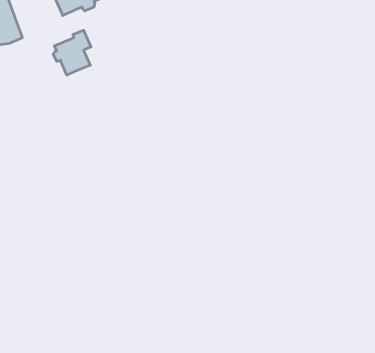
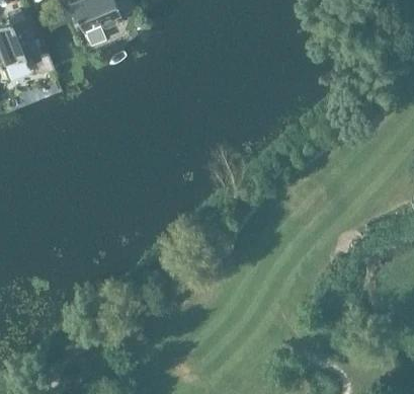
building: [53,30,91,75] -> none

